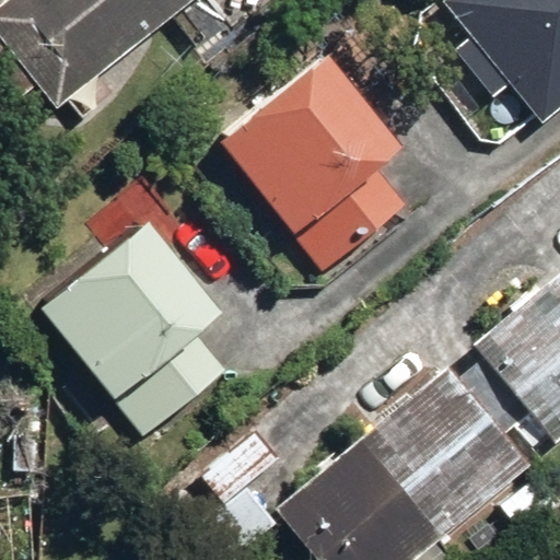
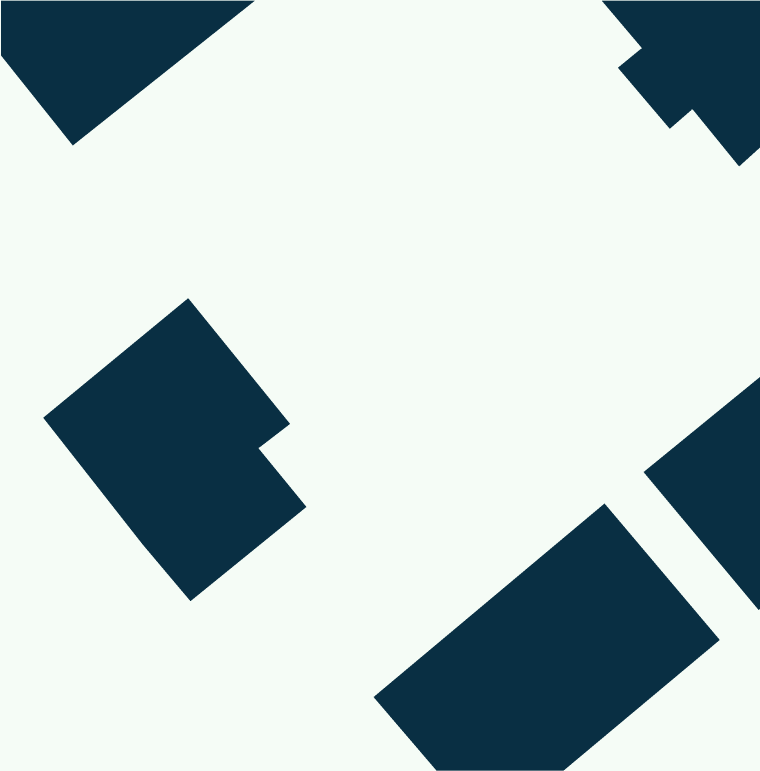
building: [214,51,409,270] -> none

